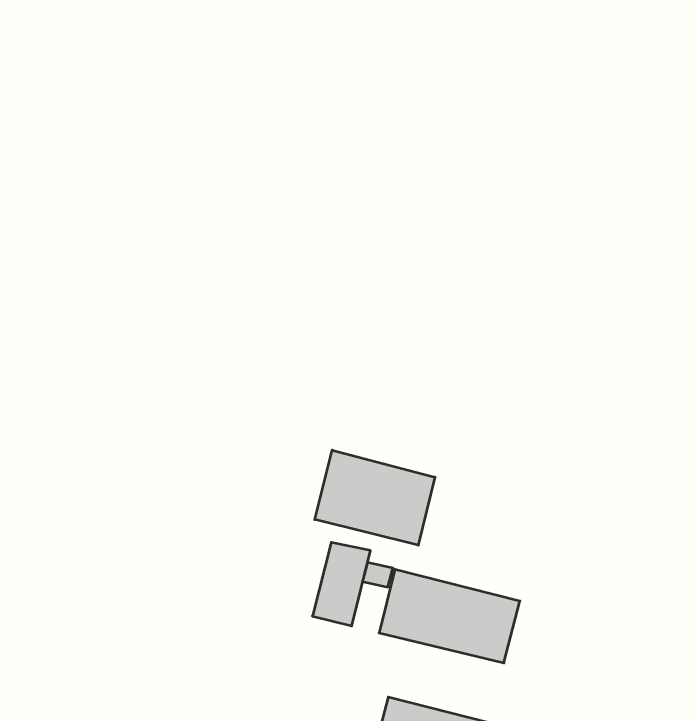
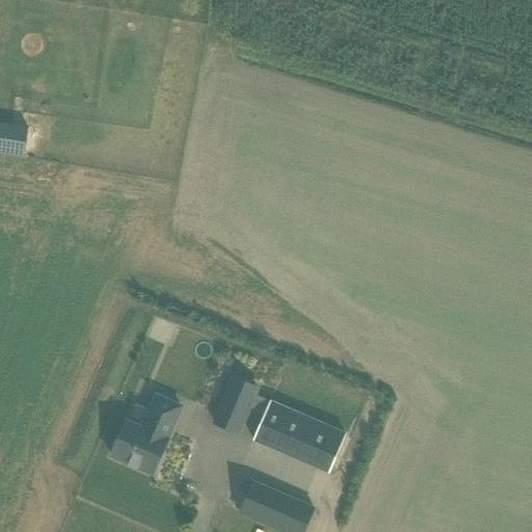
building: [315,450,435,545] -> none
building: none -> [110,396,181,474]

